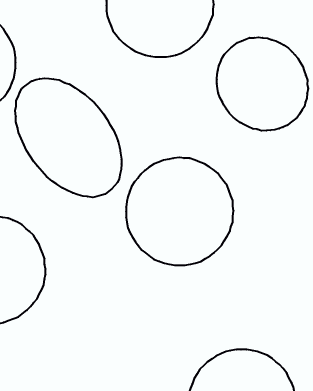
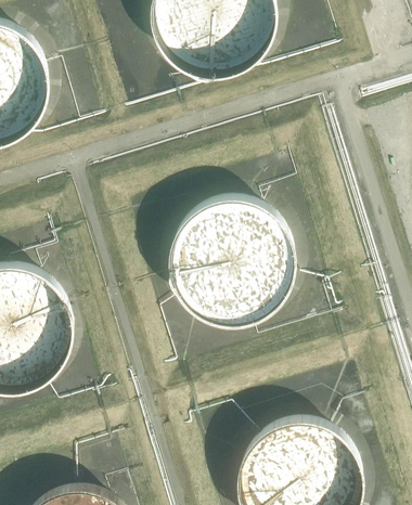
building: [217,37,308,131] -> none
building: [15,78,121,197] -> none

